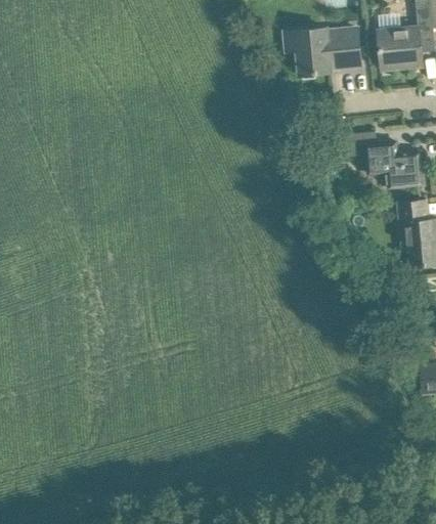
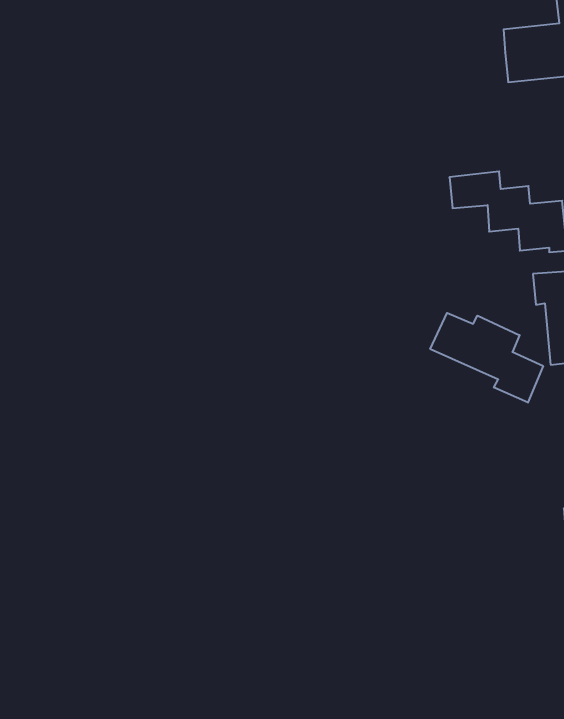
building: [285,27,361,74] -> none
building: none -> [430,313,543,403]

